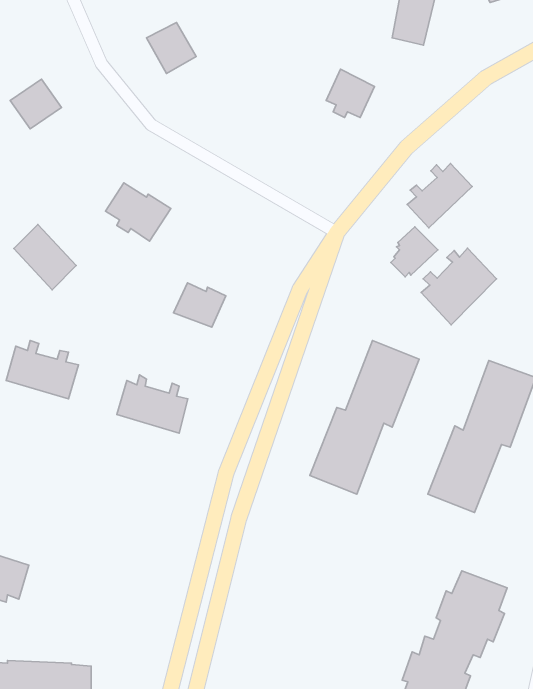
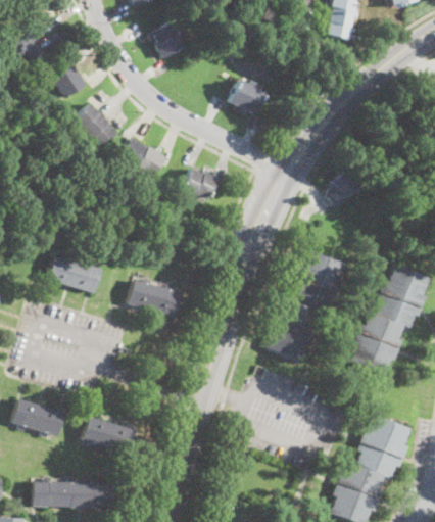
building: [326,69,374,118] -> [230,79,264,113]
building: [407,163,472,228] -> none
building: [14,224,76,290] -> [75,102,119,149]
building: [421,248,497,325] -> none
building: [173,283,226,327] -> [181,168,219,199]
building: none -> [83,416,136,455]

